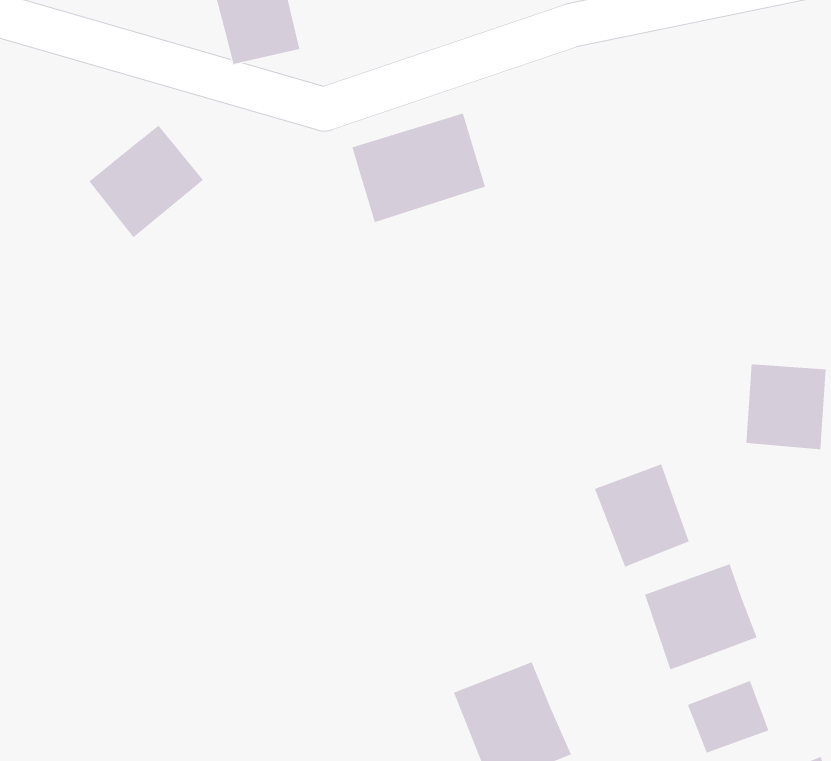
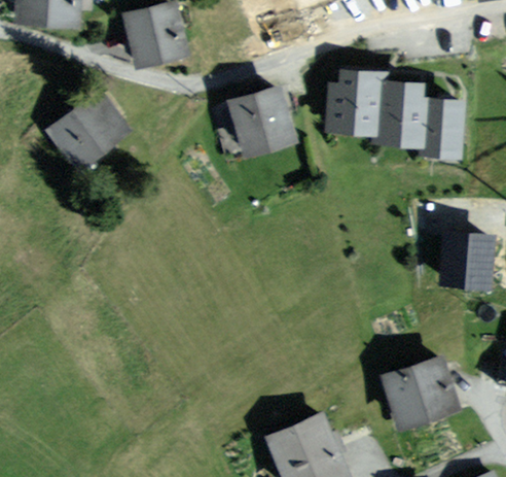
building: none -> [329,71,459,149]
building: [594,464,690,567] -> none
building: [687,680,769,754] -> none

